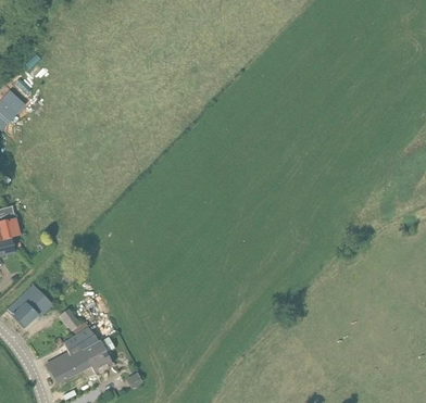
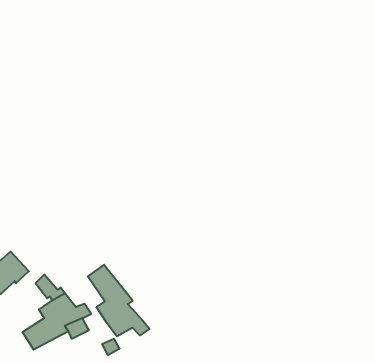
building: none -> [88,265,150,336]

